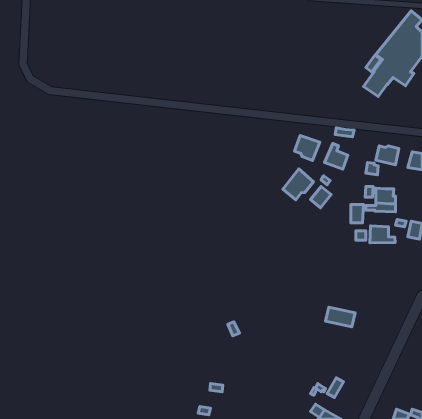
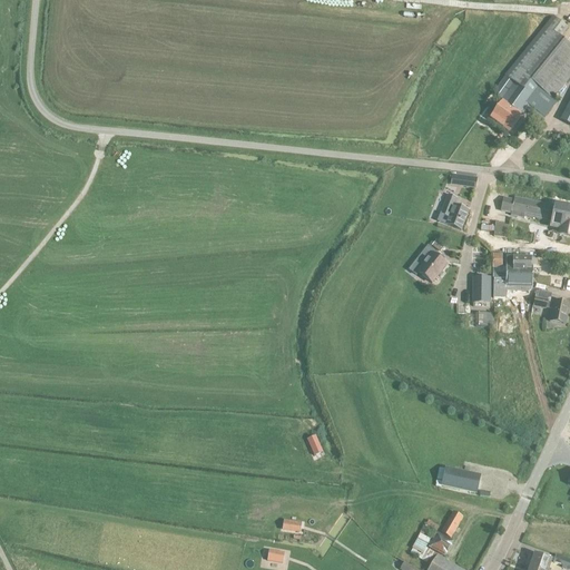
building: [295,135,320,160] -> none
building: [283,169,314,200] -> none
building: [370,226,395,243] -> none
building: [325,307,355,327] -> [441,464,481,491]

